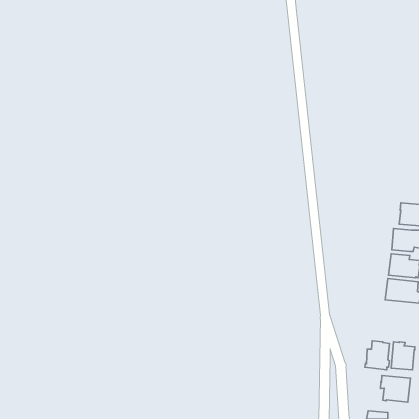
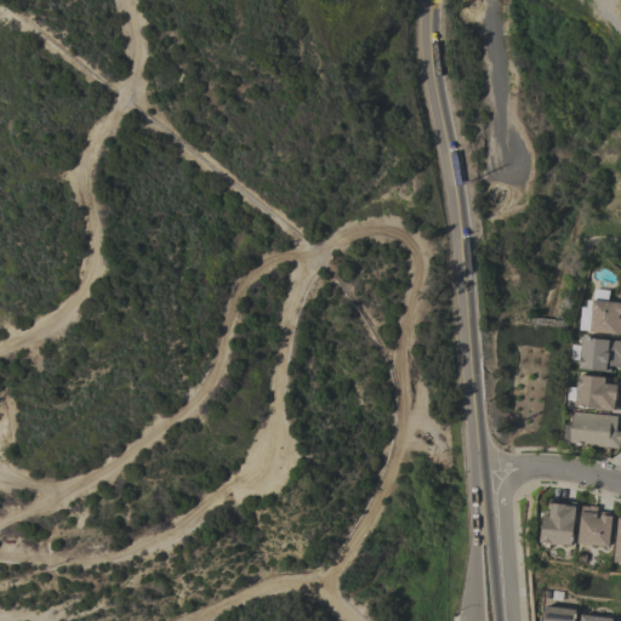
building: [380,376,410,402] -> none

